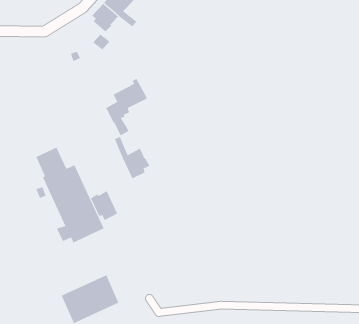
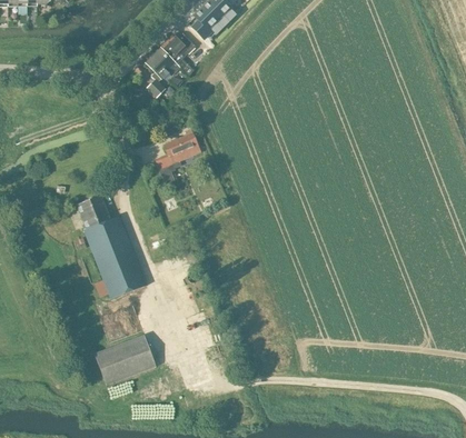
building: [114,136,150,179] -> none
building: [90,190,118,221] -> none

